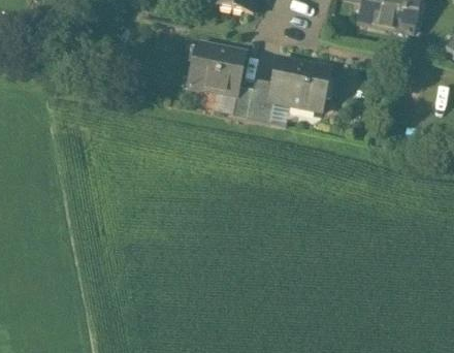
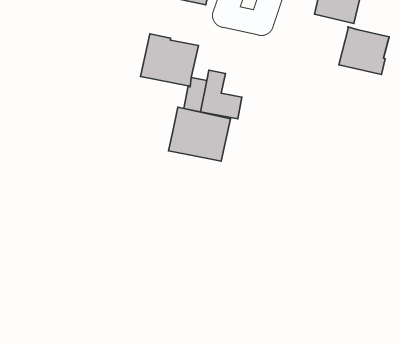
building: none -> [339,27,389,75]
building: [268,57,330,110] -> [169,107,231,161]

